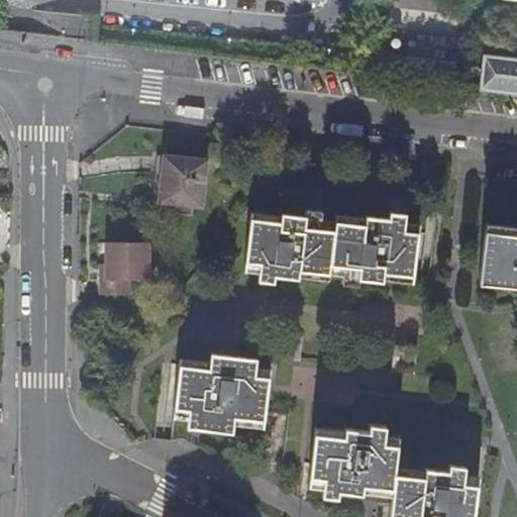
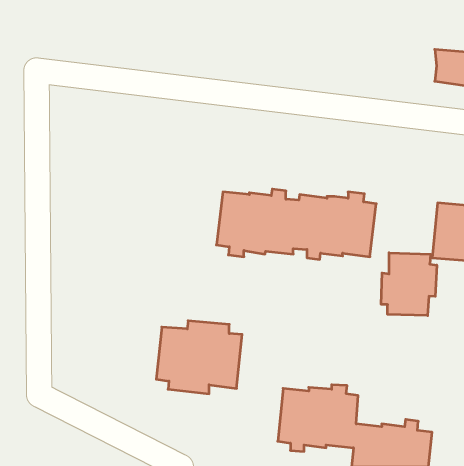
building: [153,156,203,214] -> none
building: [102,245,151,299] -> none
building: none -> [381,253,437,316]

